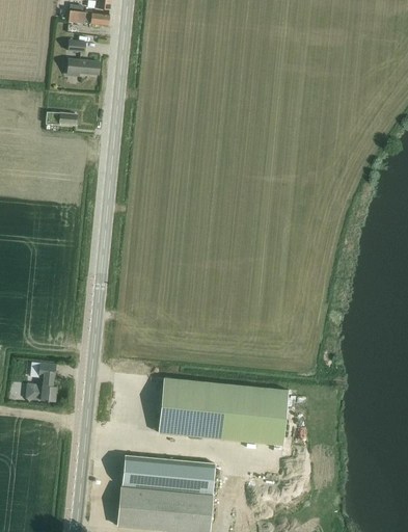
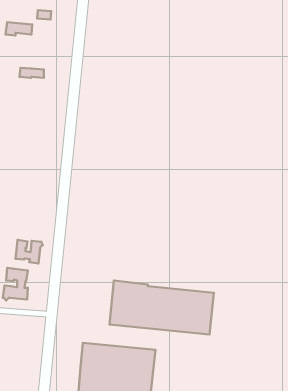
building: [66,59,100,76] -> [6,22,32,35]
building: none -> [16,240,43,264]

